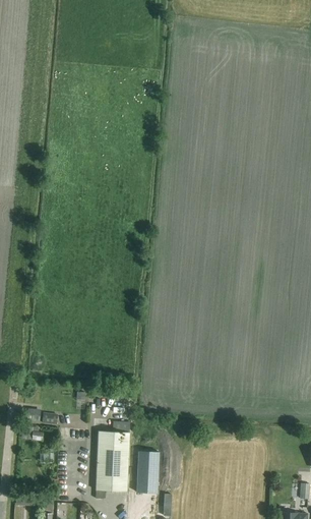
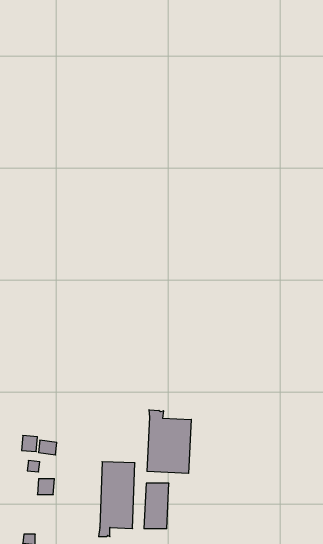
building: none -> [147,410,191,473]

